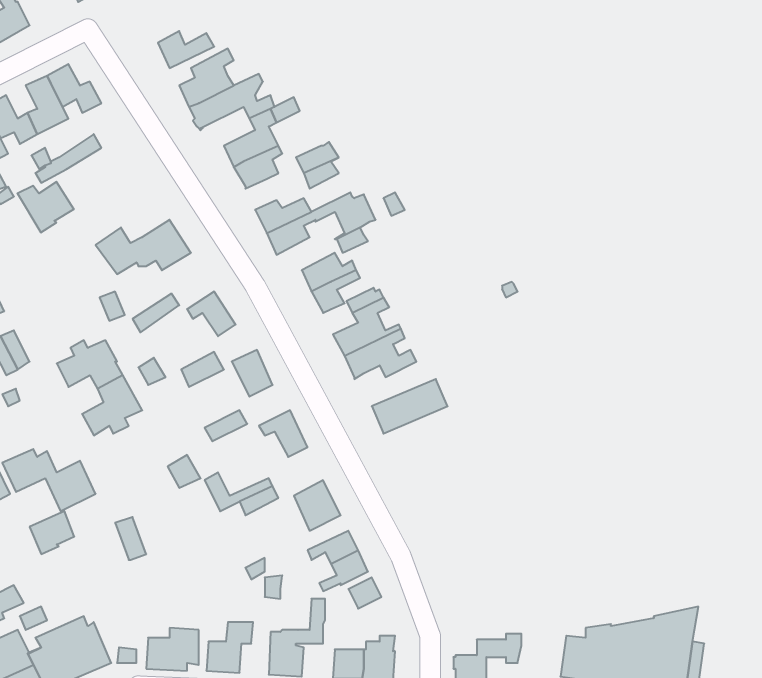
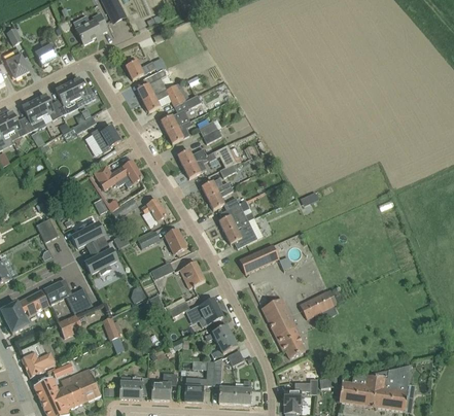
building: [17,182,74,232] -> [91,126,120,152]
building: none -> [300,290,334,318]
building: none -> [261,298,305,357]

